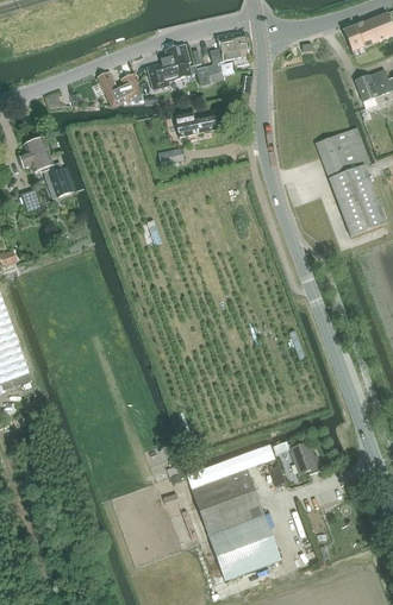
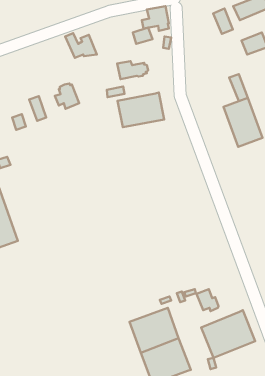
building: none -> [213,9,233,34]
building: [148,44,192,89] -> none
building: [18,134,54,171] -> [55,84,79,109]
building: [316,134,351,177] -> none
building: none -> [117,92,164,127]
building: none -> [201,310,255,358]

